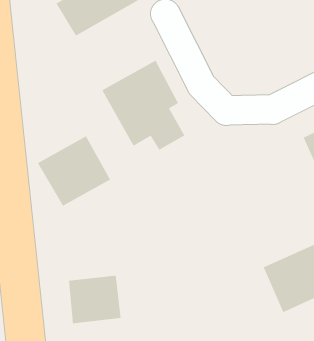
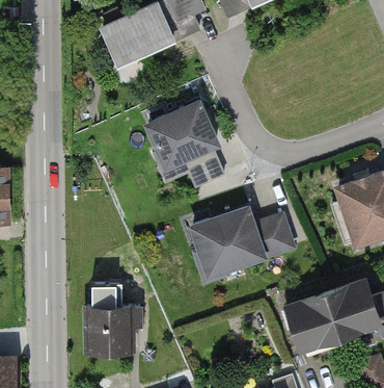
building: [37,136,111,207] -> none
building: none -> [184,200,287,274]

